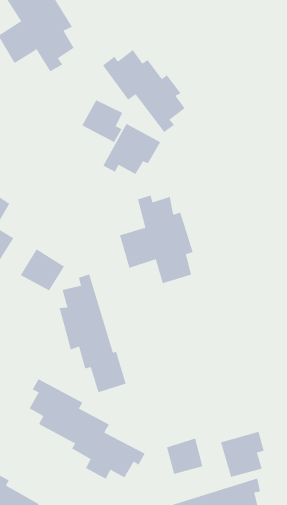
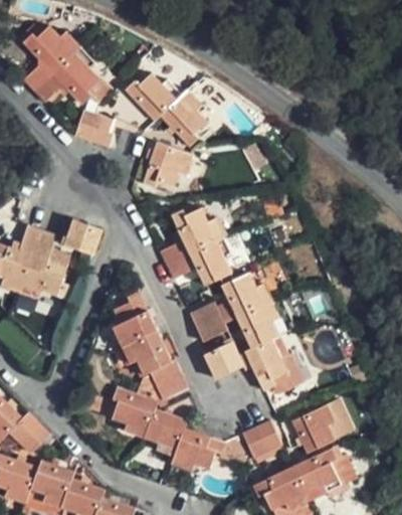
building: [82,99,123,143] -> [72,112,111,149]
building: [20,248,65,291] -> [65,214,106,251]
building: none -> [229,273,293,384]
building: none -> [195,296,232,336]
building: none -> [210,335,249,373]

